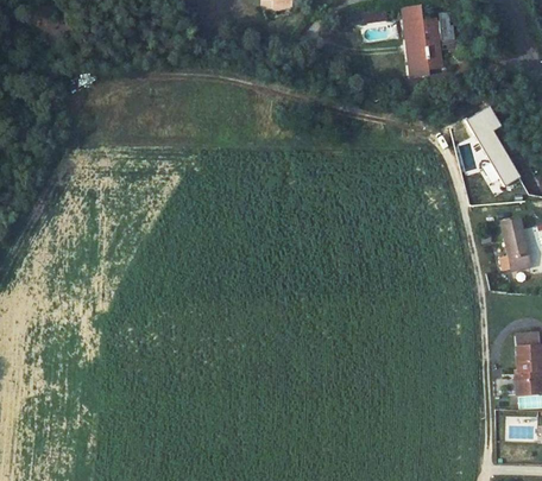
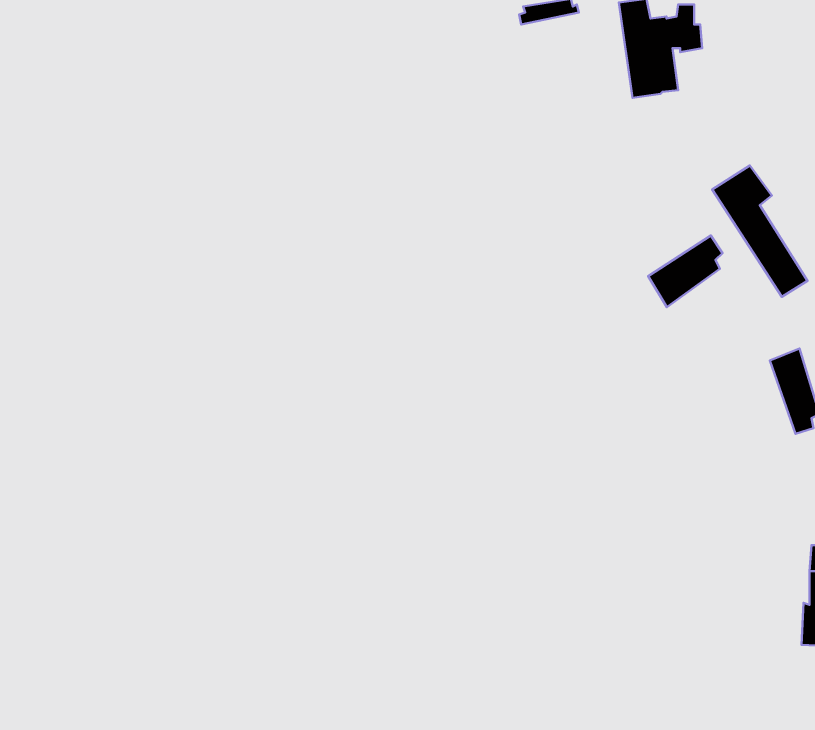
building: none -> [648,236,723,307]

